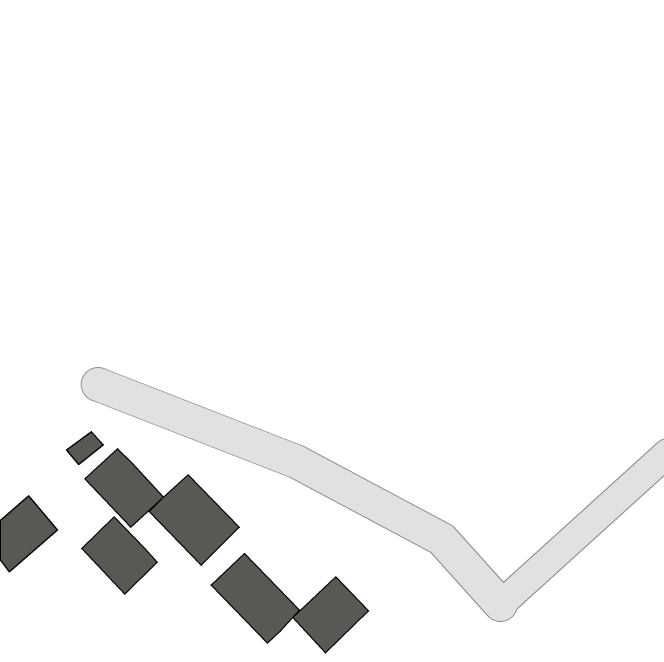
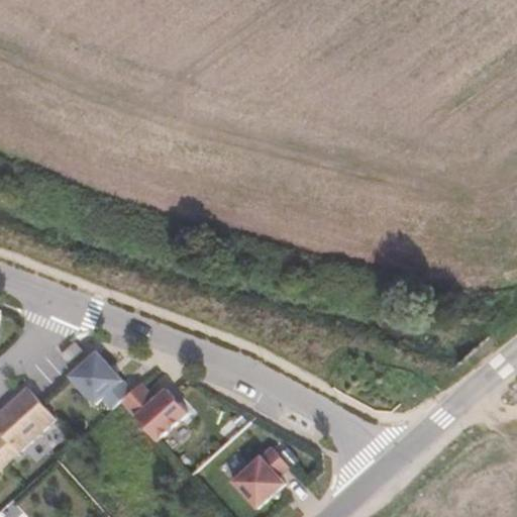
building: [82,517,157,594] -> none
building: [211,554,300,643] -> none

